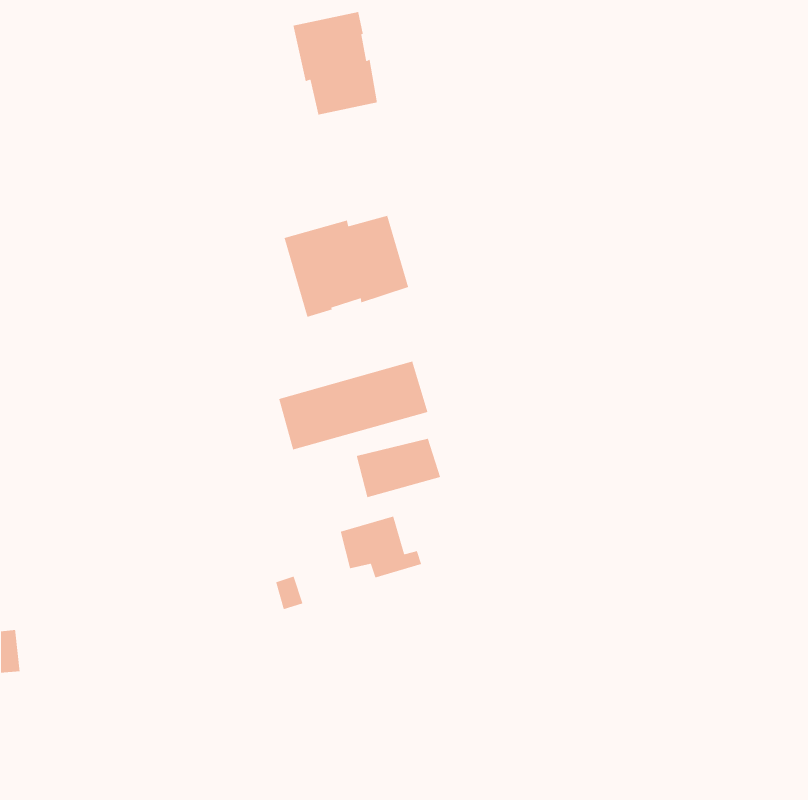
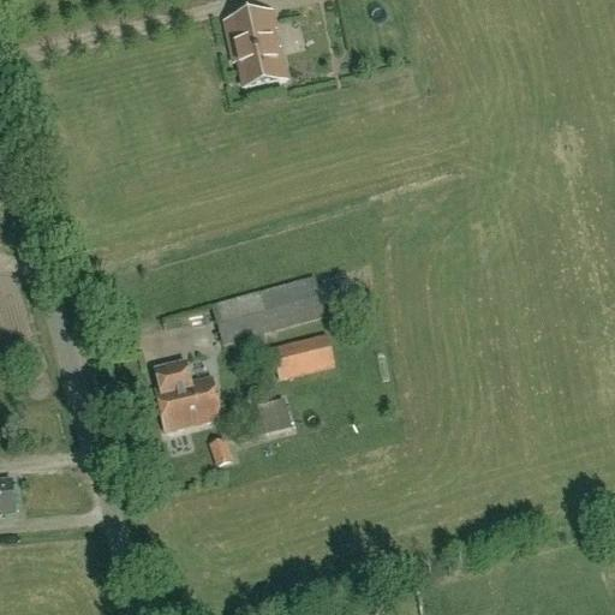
building: [284,215,409,318] -> none
building: none -> [155,359,222,430]

